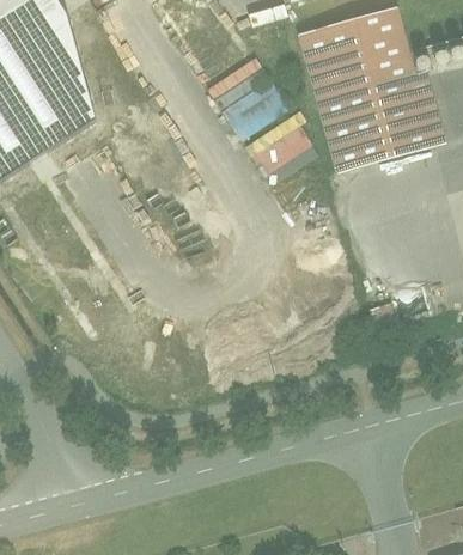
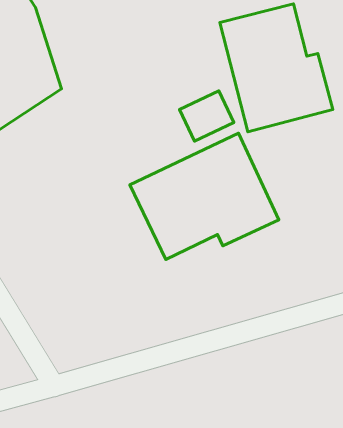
building: none -> [130,133,279,260]

